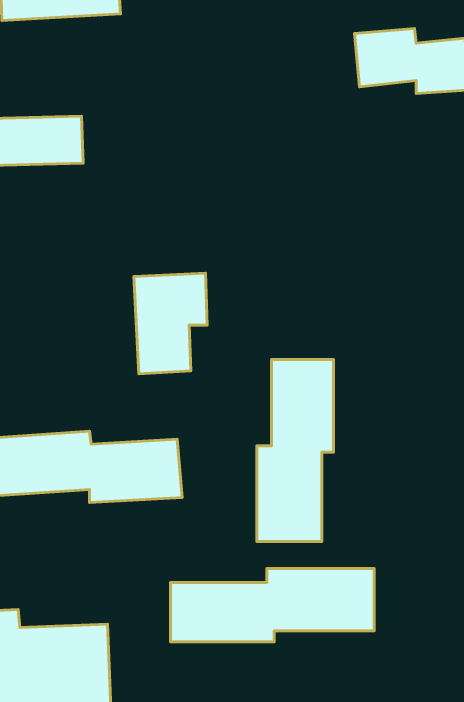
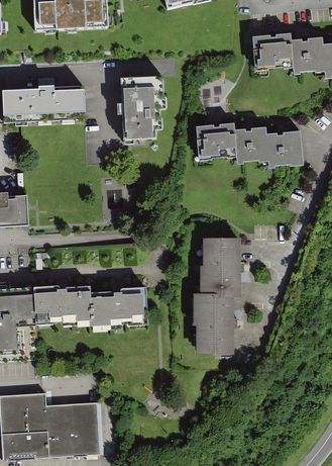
building: none -> [196,120,304,169]
building: [134,273,207,374] -> [119,76,164,138]
building: [171,569,374,642] -> none

